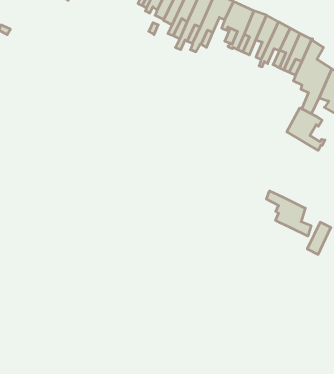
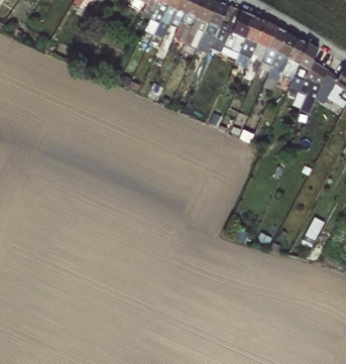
building: [287,108,325,150] -> none
building: [266,191,311,236] -> none

